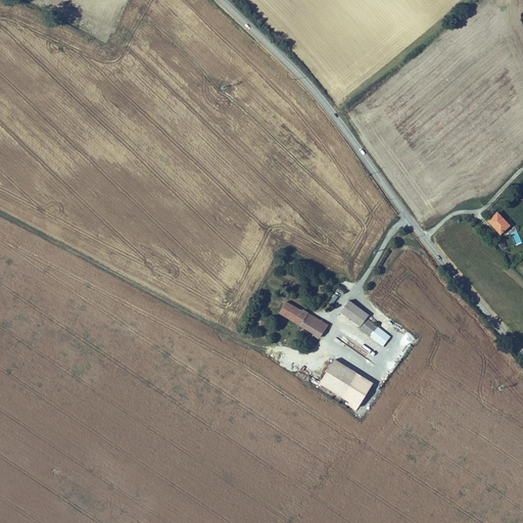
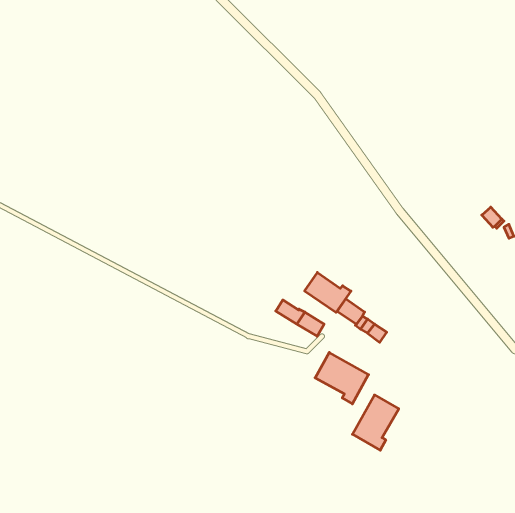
building: none -> [305,272,351,312]
building: none -> [352,395,399,450]

